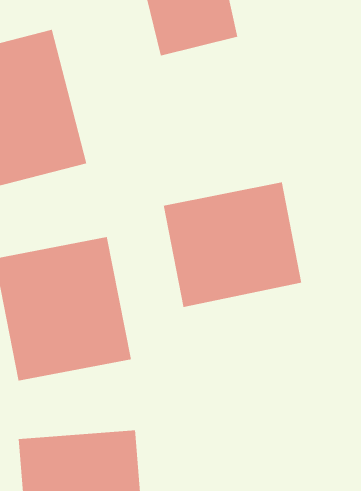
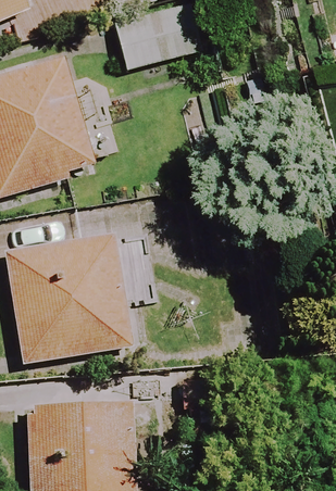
building: [163,182,302,308] -> none

